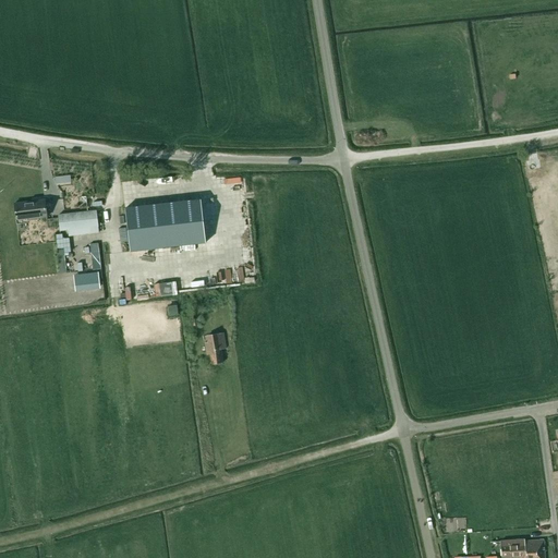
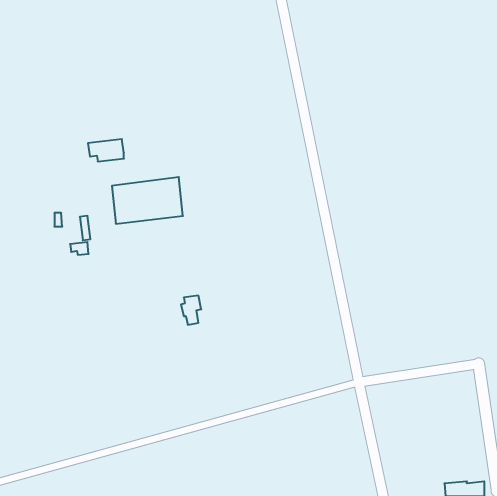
building: [14,198,46,218] -> none
building: [57,210,97,235] -> [88,139,124,161]

